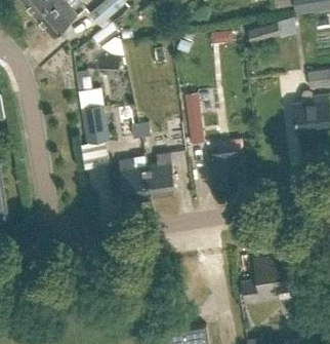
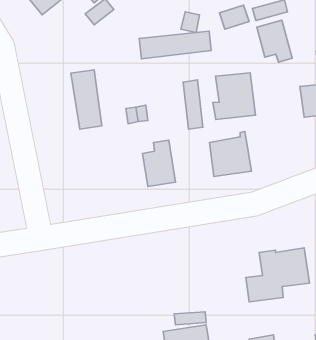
building: none -> [257,20,292,62]
building: none -> [139,31,211,59]
building: none -> [213,73,255,120]
building: [119,159,151,200] -> none

